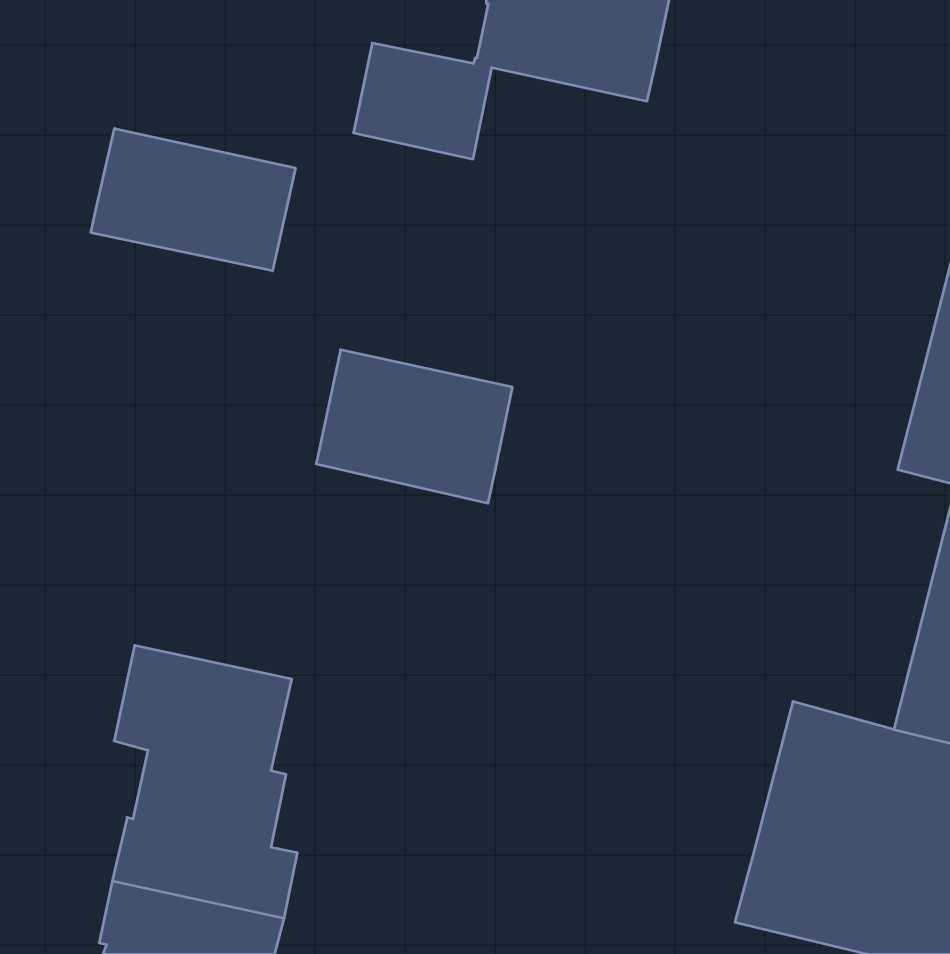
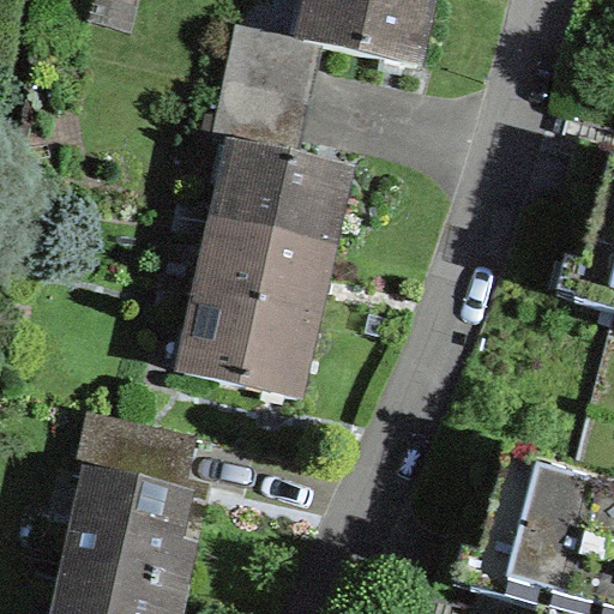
building: [91,128,295,271] -> none
building: none -> [217,85,349,248]
building: none -> [188,297,317,398]

